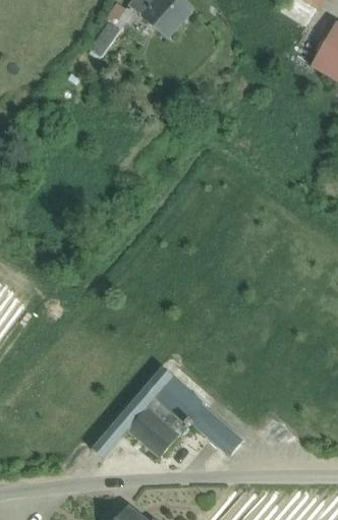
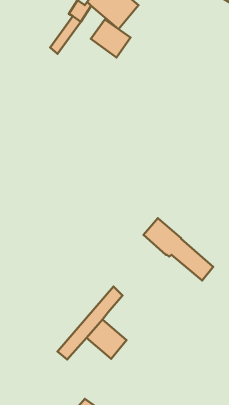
building: none -> [91,20,130,57]
building: [156,375,244,455] -> [144,218,213,281]

